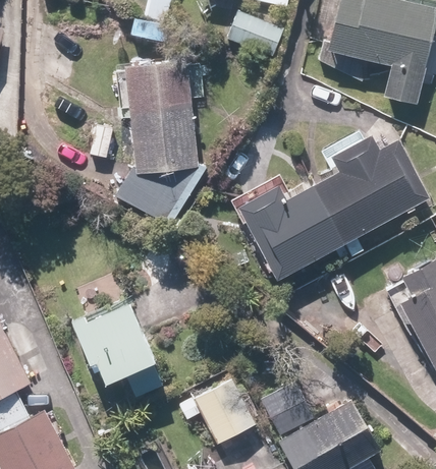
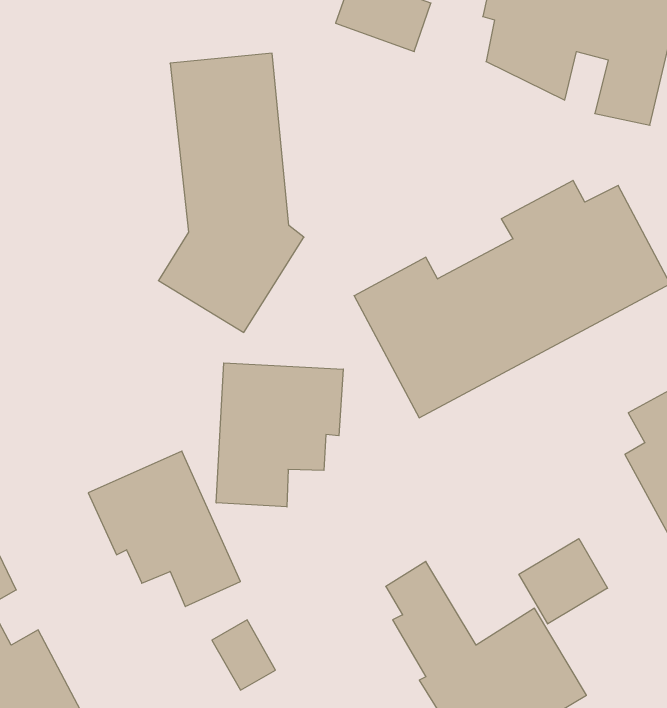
building: none -> [216,363,343,507]
building: none -> [519,539,608,624]
building: [178,380,254,443] -> none

